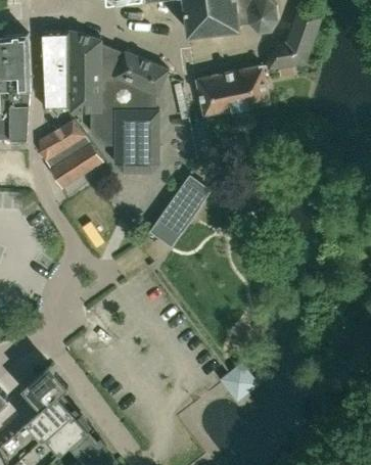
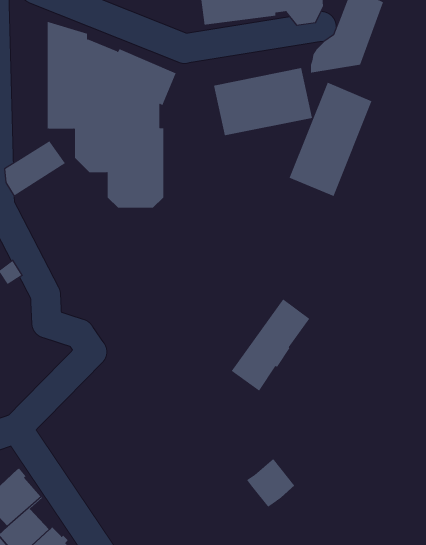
building: [39,34,68,110] -> none
building: none -> [289,82,372,197]
building: [45,139,101,188] -> none
building: [151,174,211,243] -> [231,298,310,391]

